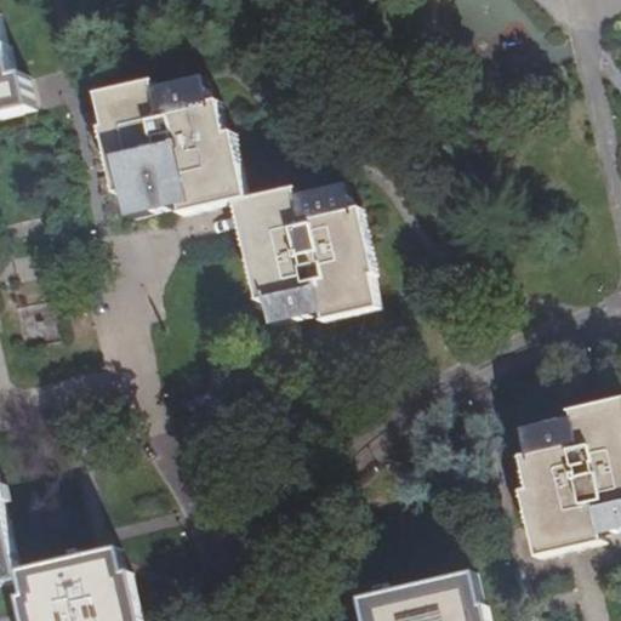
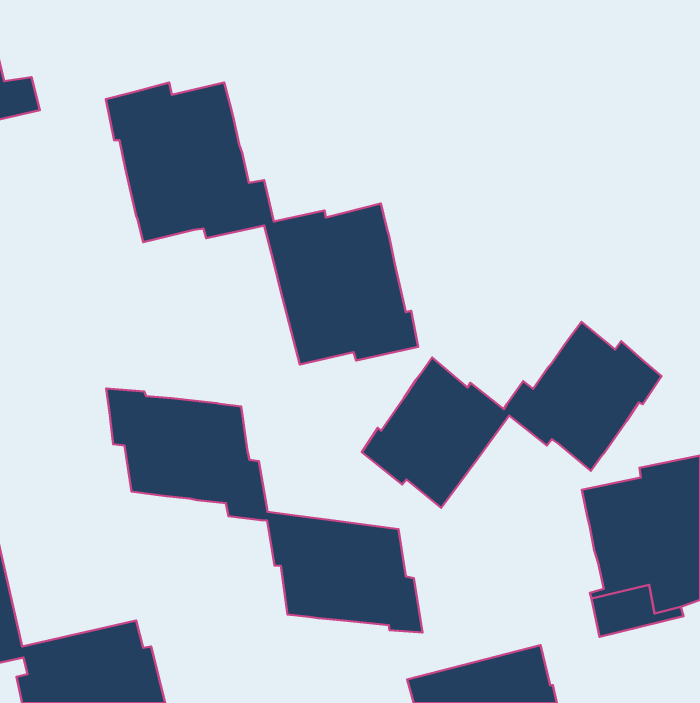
building: none -> [362,322,661,508]
building: none -> [106,388,422,632]

